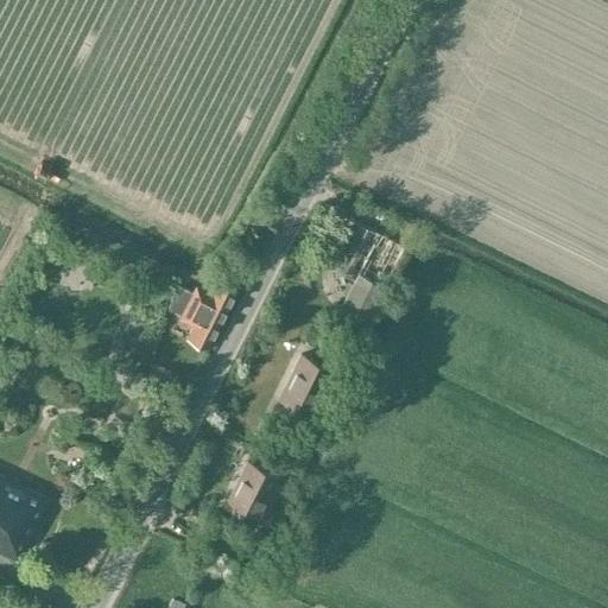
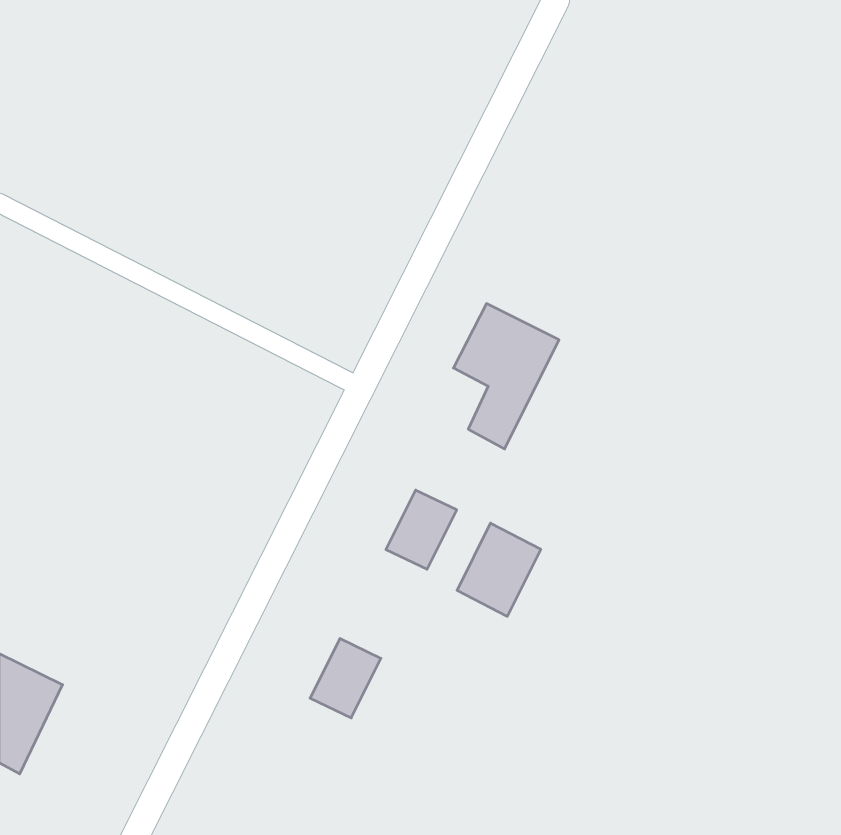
building: [179,283,235,353] -> none
building: none -> [457,523,541,616]

